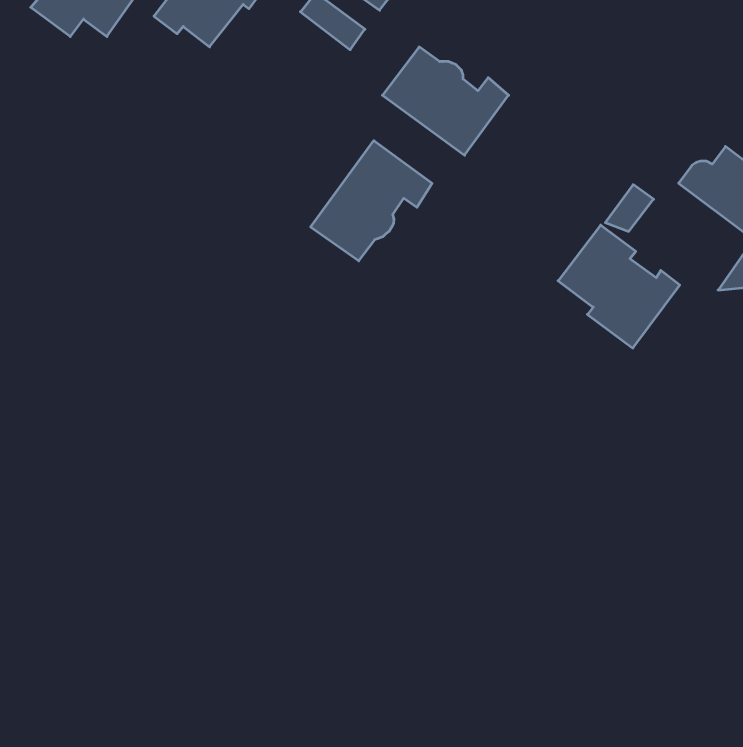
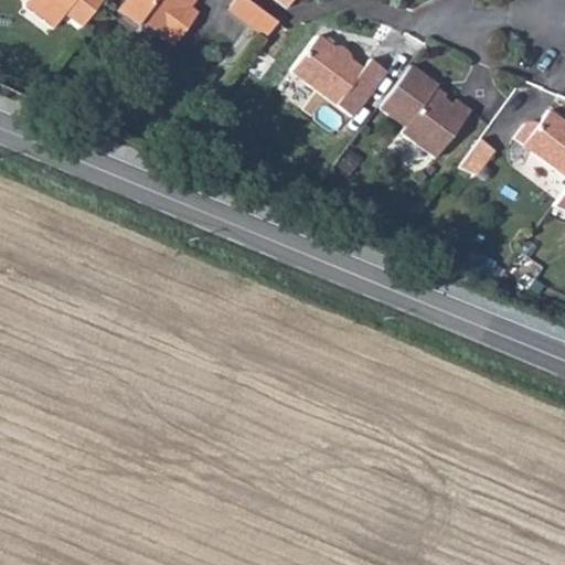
building: [311,141,432,261] -> none
building: [558,225,680,348] -> [381,65,472,158]

